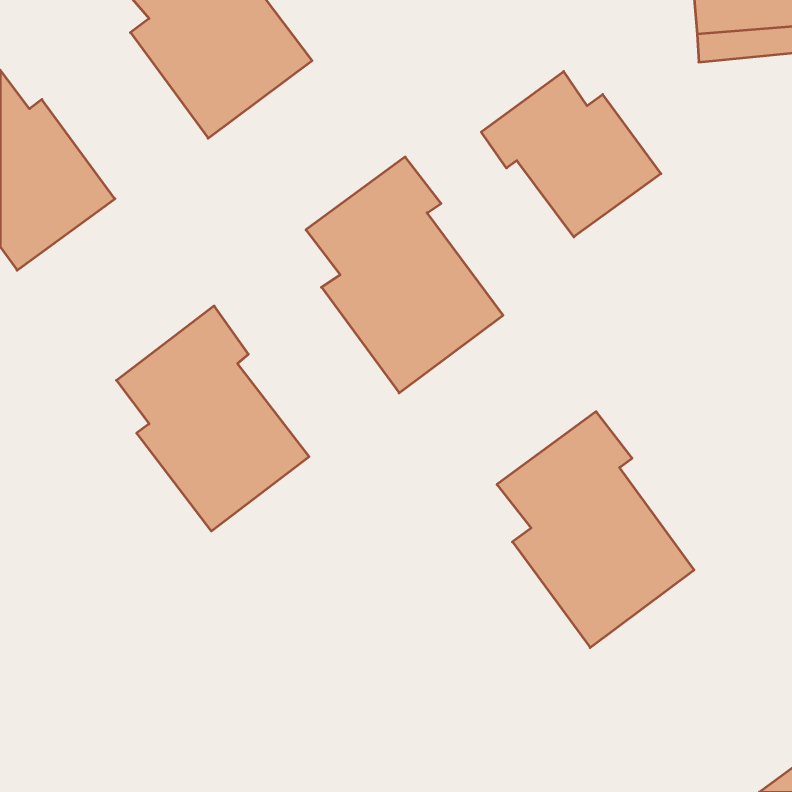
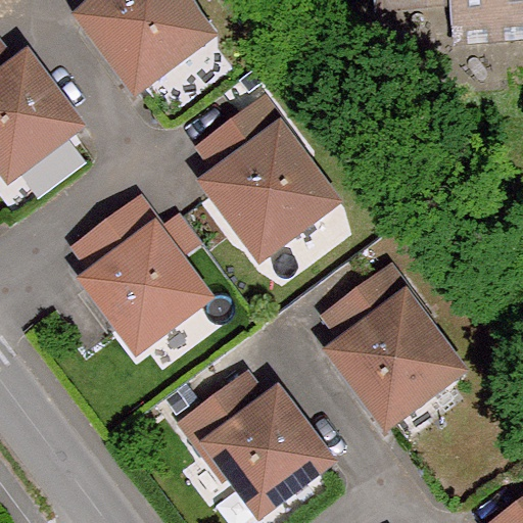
building: [481,71,661,237] -> none
building: none -> [185,378,327,514]

